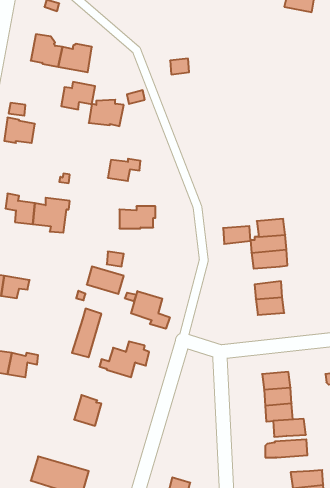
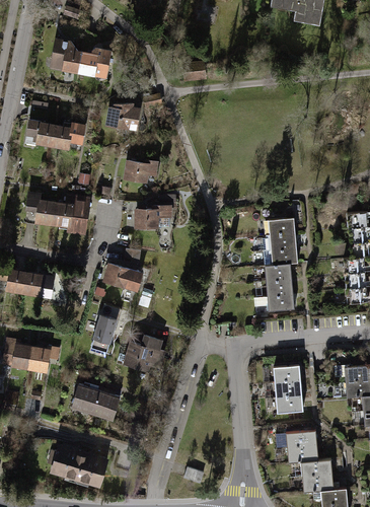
building: [61,82,95,109] -> [52,122,84,148]
building: [223,226,250,244] -> [265,264,291,281]
building: [131,291,170,329] -> none
building: none -> [71,382,99,411]
building: [273,419,306,437] -> [287,445,318,462]

